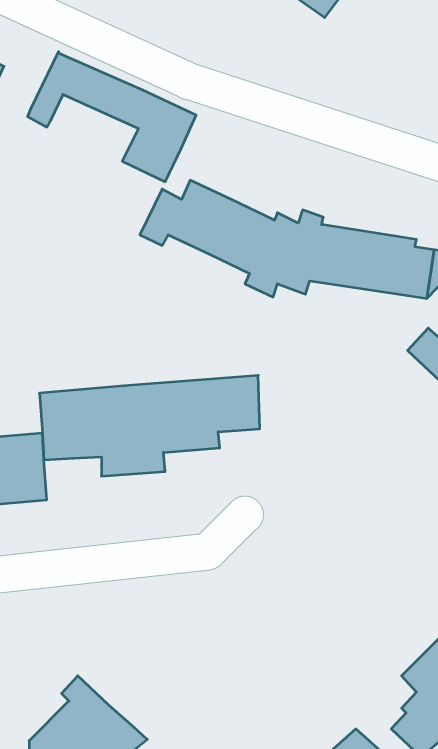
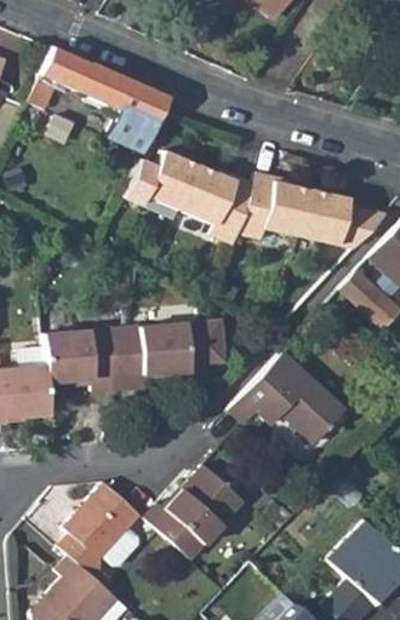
building: none -> [230,352,345,443]
building: none -> [147,467,246,561]
building: none -> [59,482,143,581]

